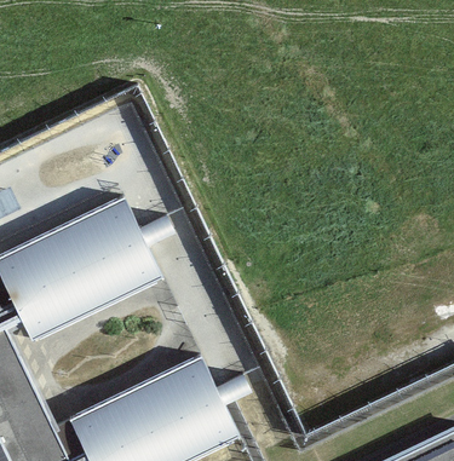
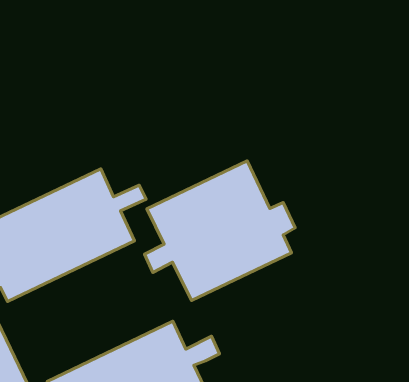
building: none -> [144,161,295,301]

